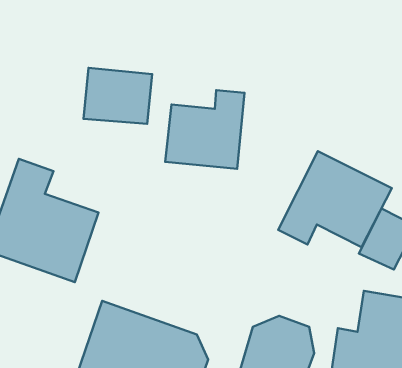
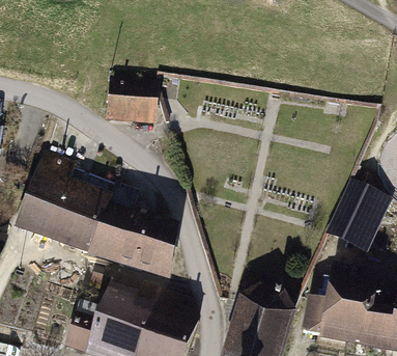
building: [165,90,245,169] -> none
building: [278,151,392,247] -> none
building: none -> [89,203,174,280]

